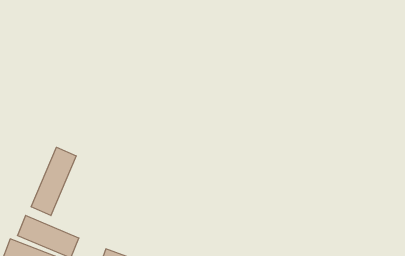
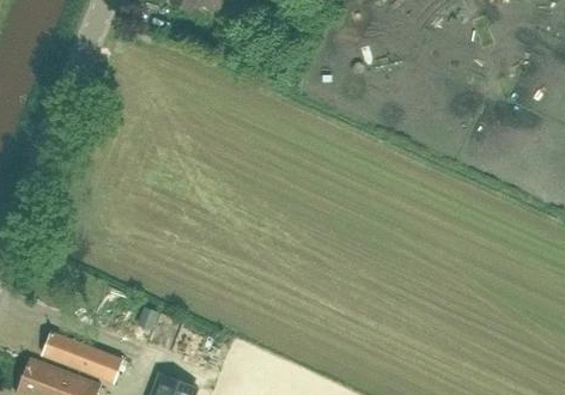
building: [31,147,76,216] -> none

